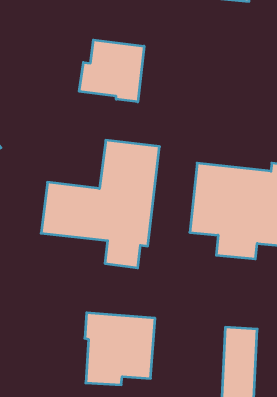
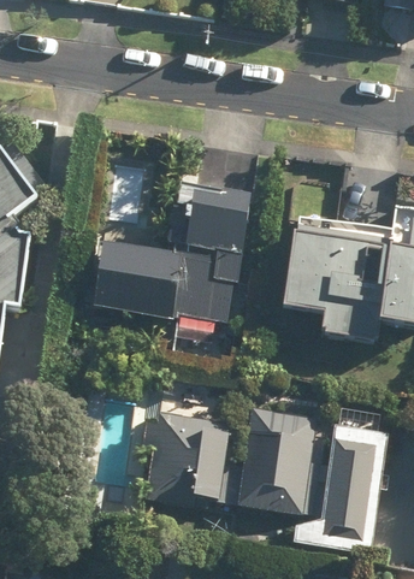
building: [79,40,144,102] -> none
building: none -> [243,404,321,509]

